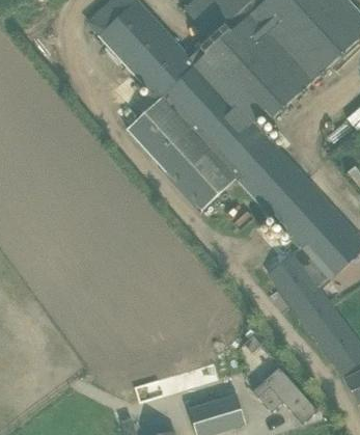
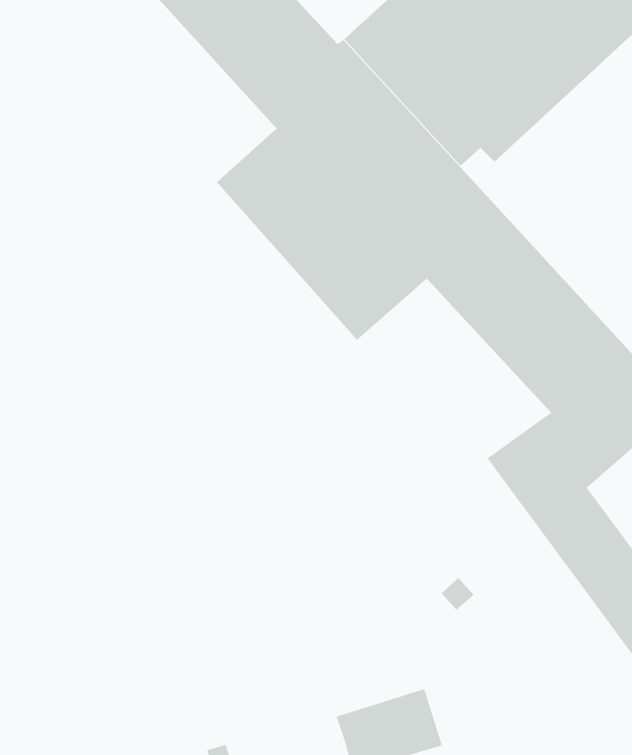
building: [251,366,316,423] -> none

